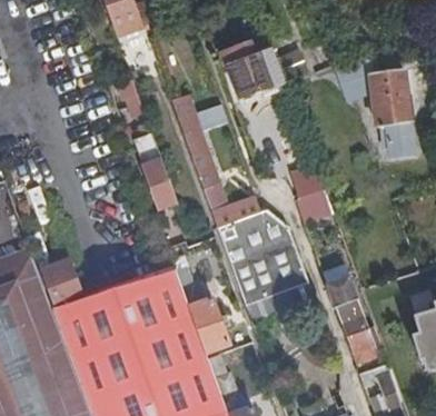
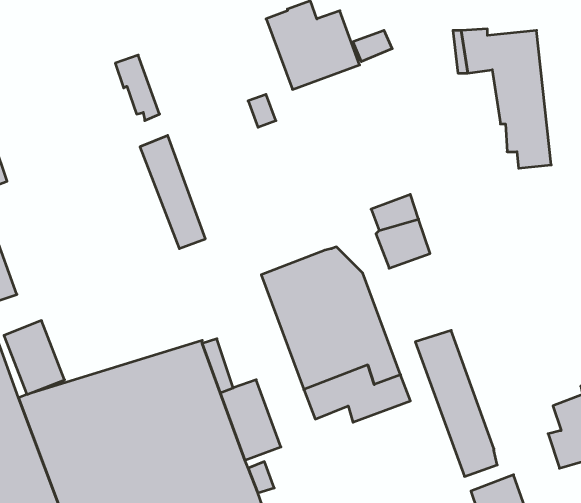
building: [171,96,260,227] -> none

